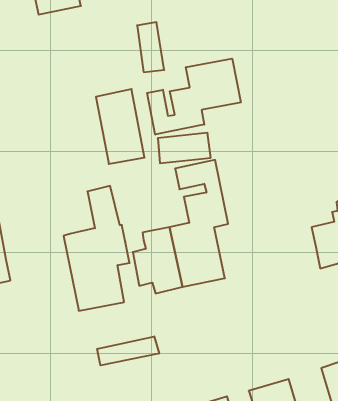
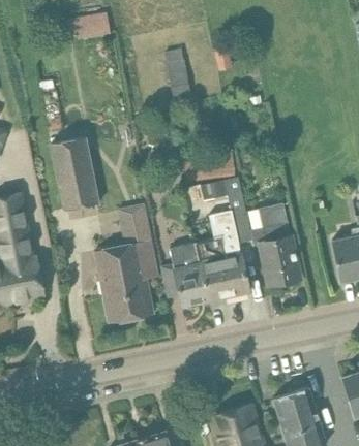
building: [147,59,241,135] -> none
building: [96,89,145,164] -> [53,137,99,209]
building: none -> [251,203,300,286]
building: [97,336,159,365] -> none

